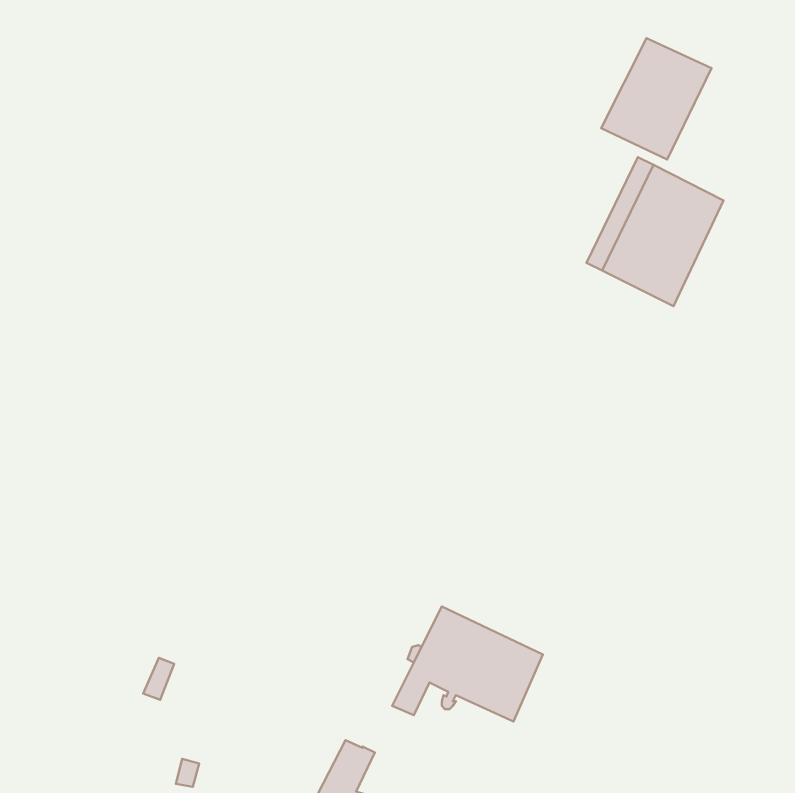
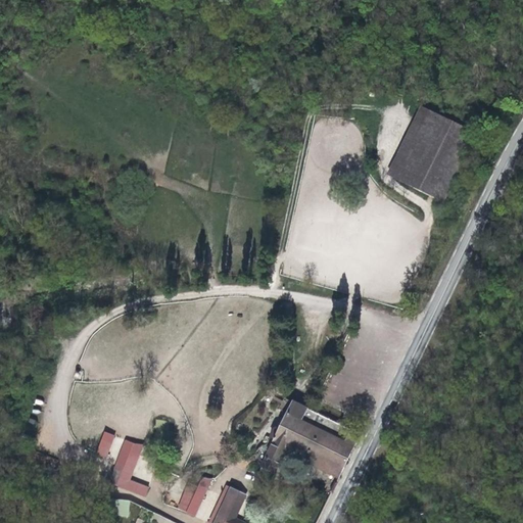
building: [601,38,712,159] -> none
building: none -> [108,440,150,498]
building: none -> [177,478,210,517]

